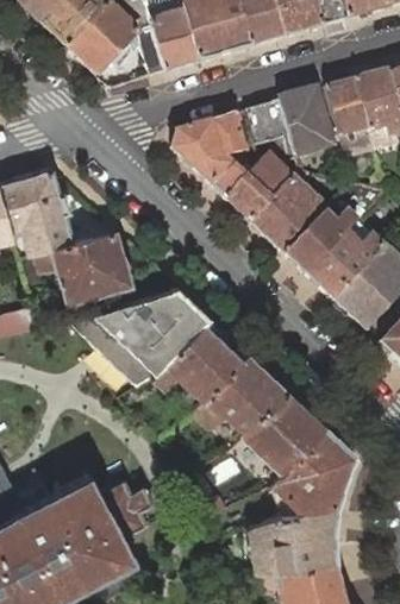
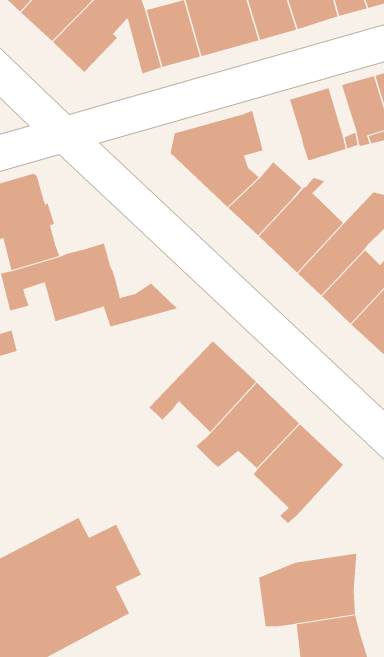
building: [244,100,288,146] -> none
building: [63,285,208,383] -> none
building: [269,424,355,511] -> none

